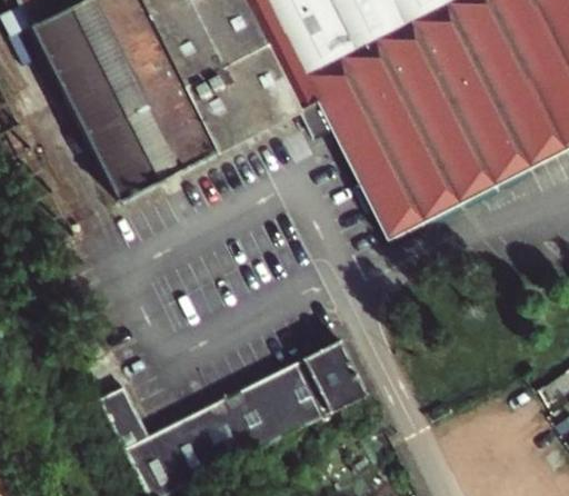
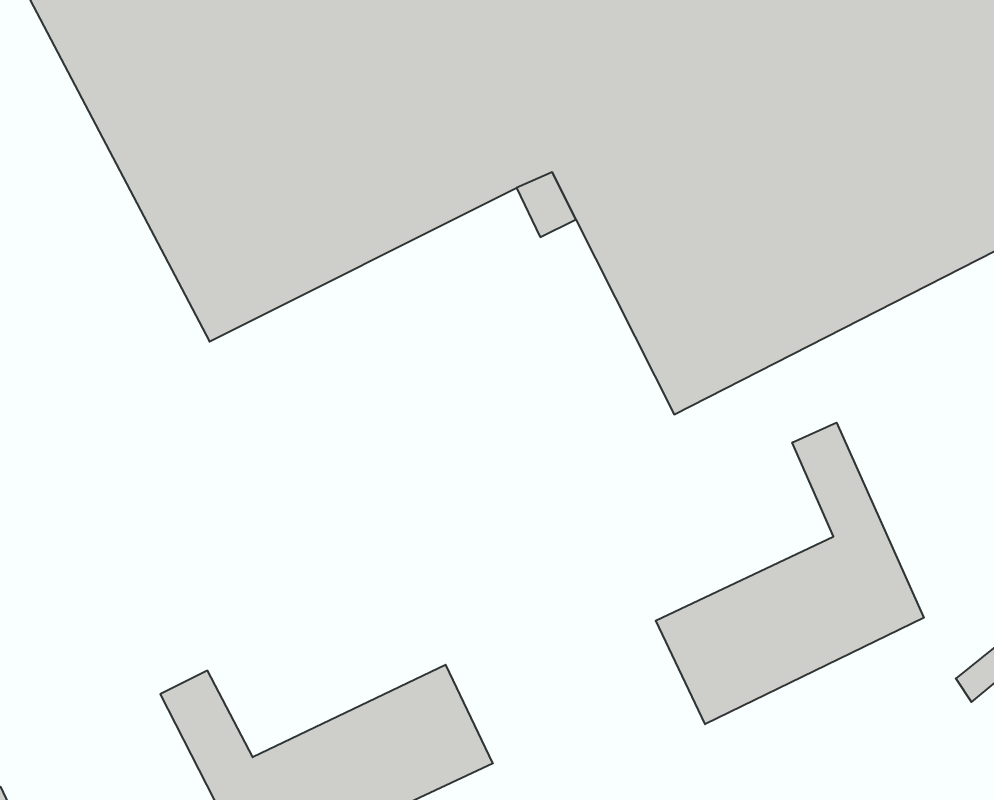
building: none -> [656,423,924,724]
building: [259,339,368,433] -> none

